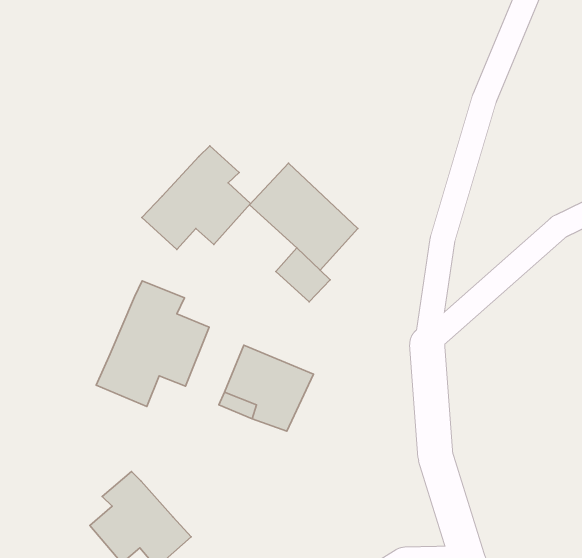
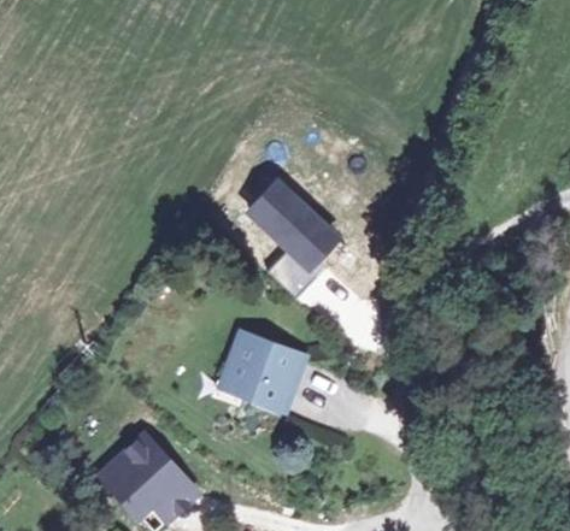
building: [142,146,251,250] -> none
building: [96,281,209,406] -> none

